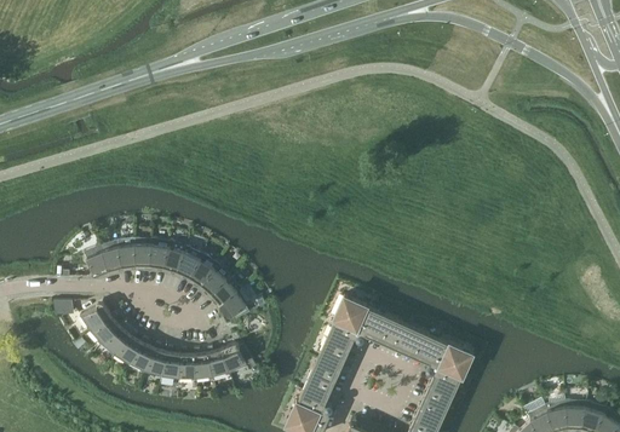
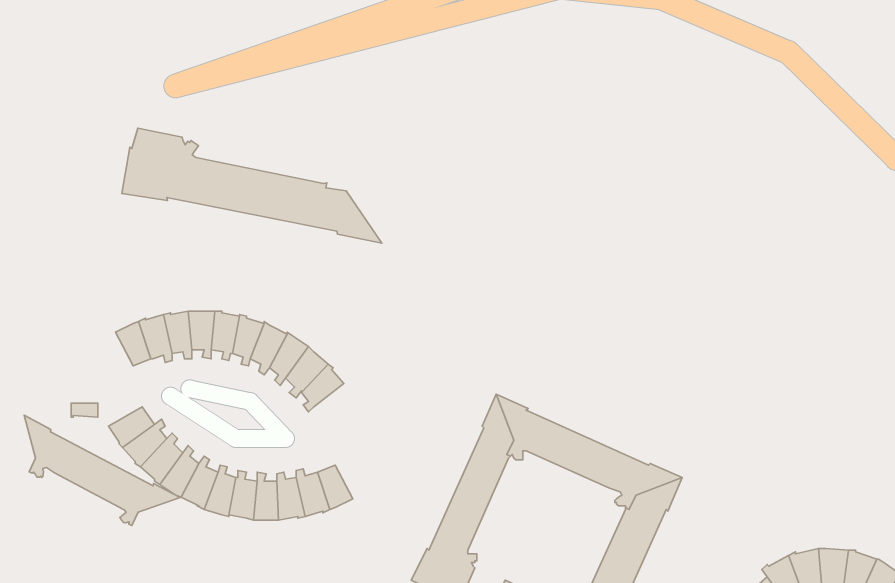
building: none -> [122,128,382,243]
building: [220,288,252,319] -> none
building: none -> [24,415,180,526]

